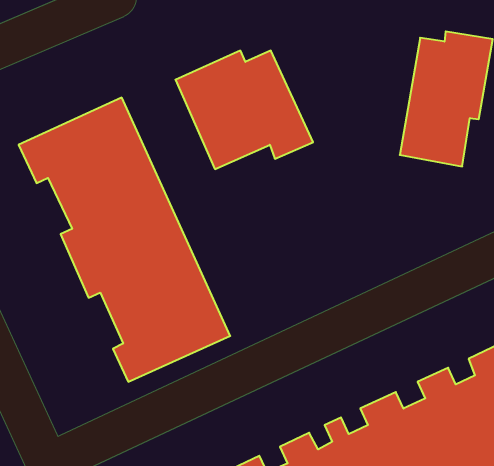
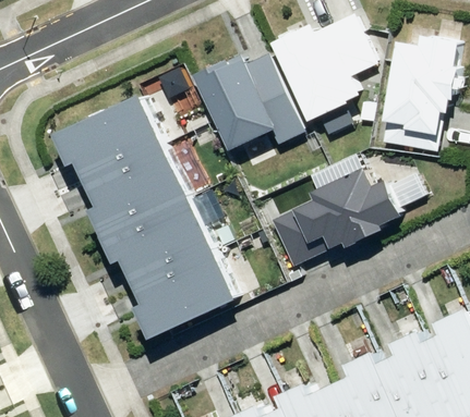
building: none -> [273,15,374,118]
building: none -> [267,168,398,268]

